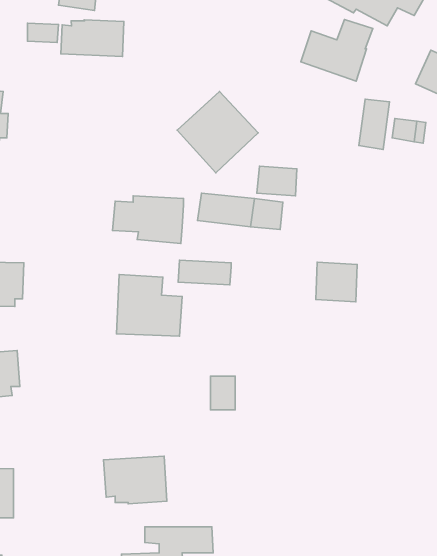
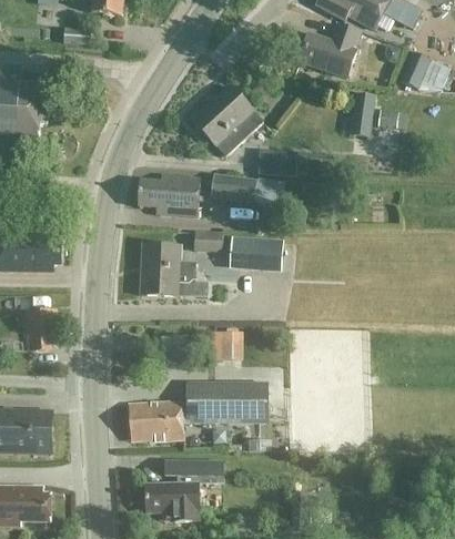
building: [61,20,124,56] -> none
building: [316,262,357,302] -> [246,237,282,272]
building: none -> [185,382,267,423]

